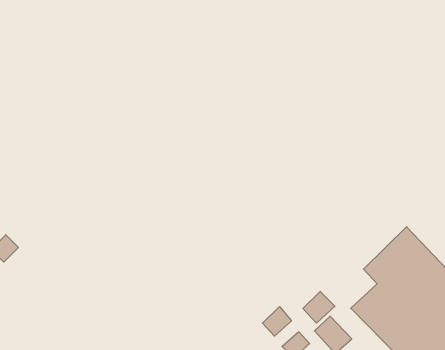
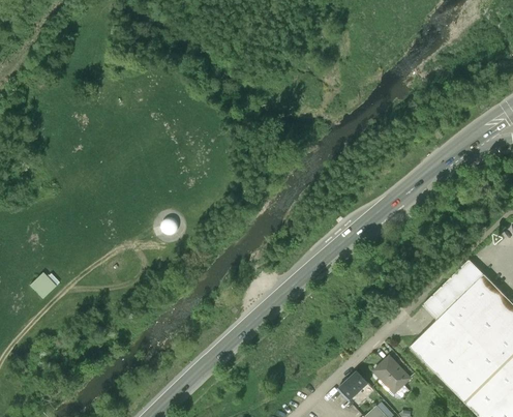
building: [303,291,335,323] -> none
building: [262,307,291,336] -> none

